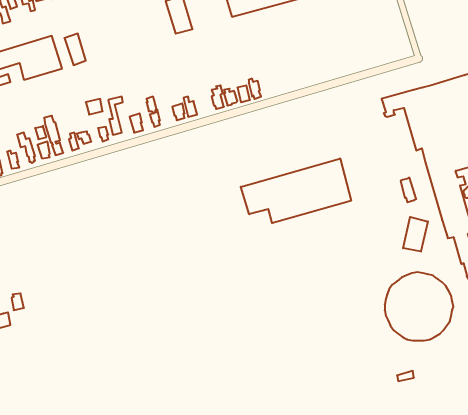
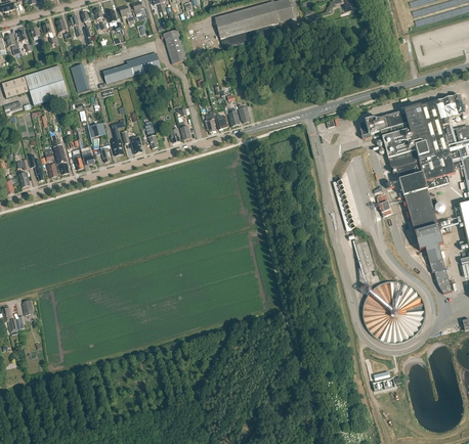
building: none -> [103,52,161,83]
building: [241,158,351,223] -> none
building: [403,217,428,252] -> none

